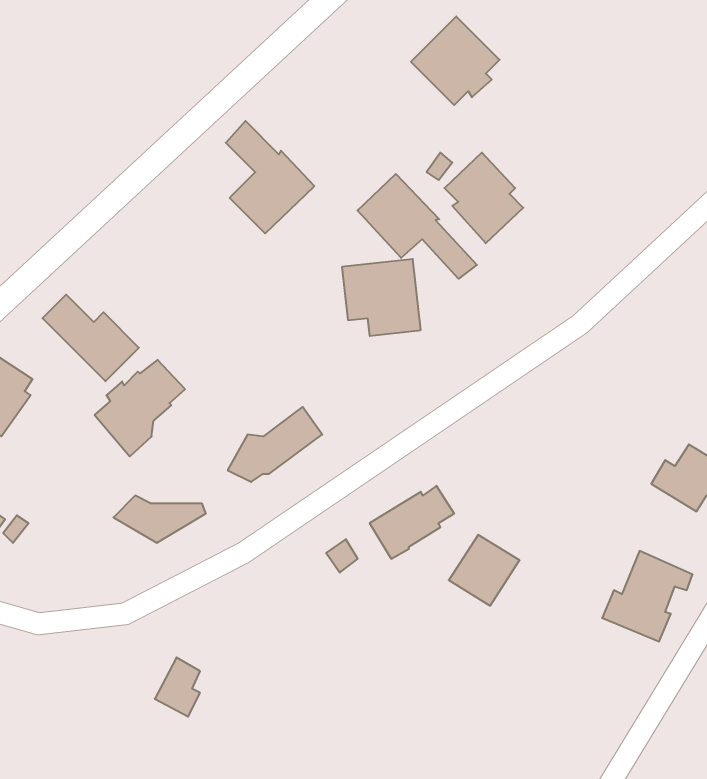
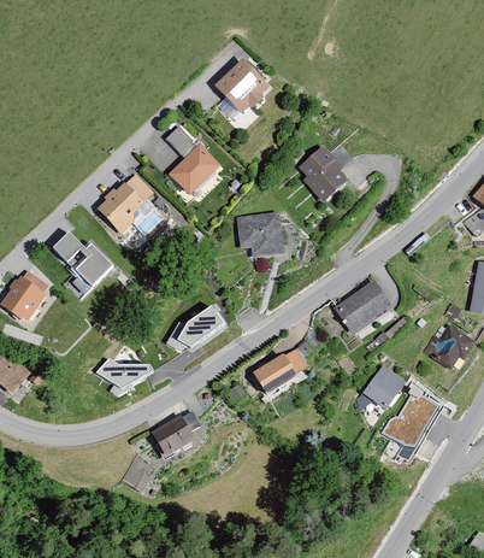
building: [411,16,500,105] -> [214,60,268,114]
building: [357,174,477,279] -> none
building: [95,360,185,456] -> [98,175,153,234]
building: none -> [335,280,389,331]
building: [449,535,520,606] -> [362,365,406,409]
building: none -> [149,411,199,456]

